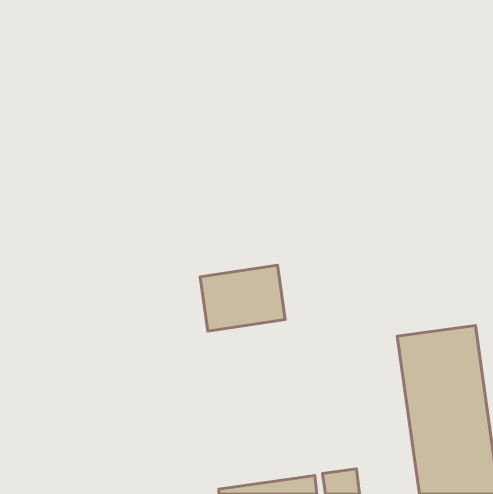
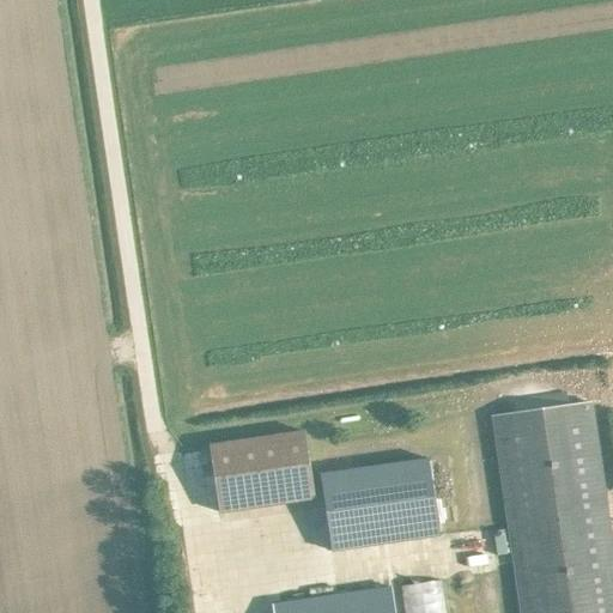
building: [200,265,285,331] -> [210,431,315,512]
building: none -> [321,459,439,550]

